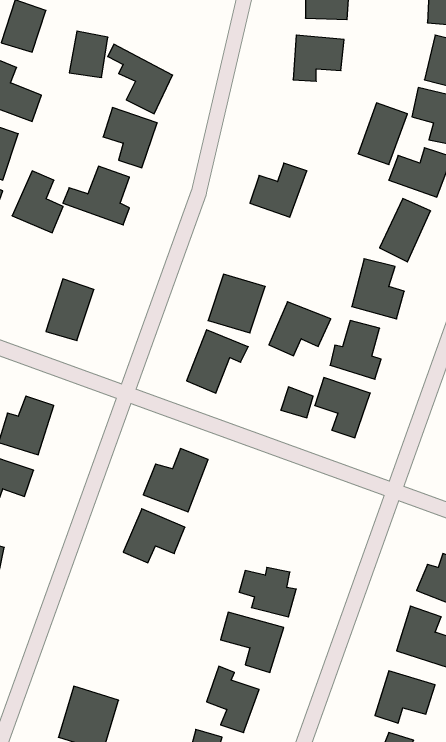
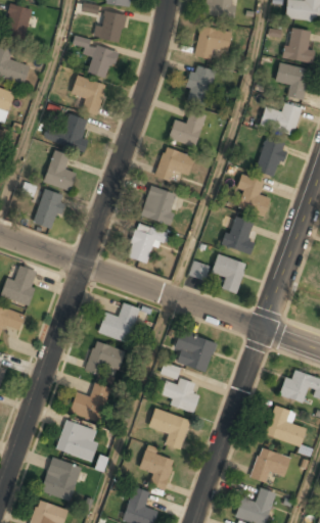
building: [69,31,108,77] -> [99,10,125,41]
building: [358,103,407,165] -> [183,65,216,106]
building: [12,171,63,233] -> [42,151,76,192]
building: [269,302,331,356] -> [153,147,194,183]
building: none -> [171,331,217,373]
building: none -> [70,383,110,421]
building: none -> [55,422,97,462]

